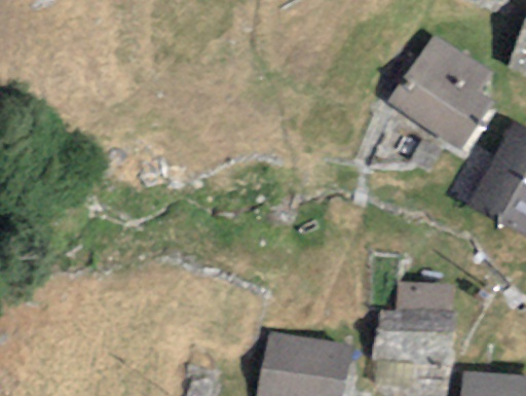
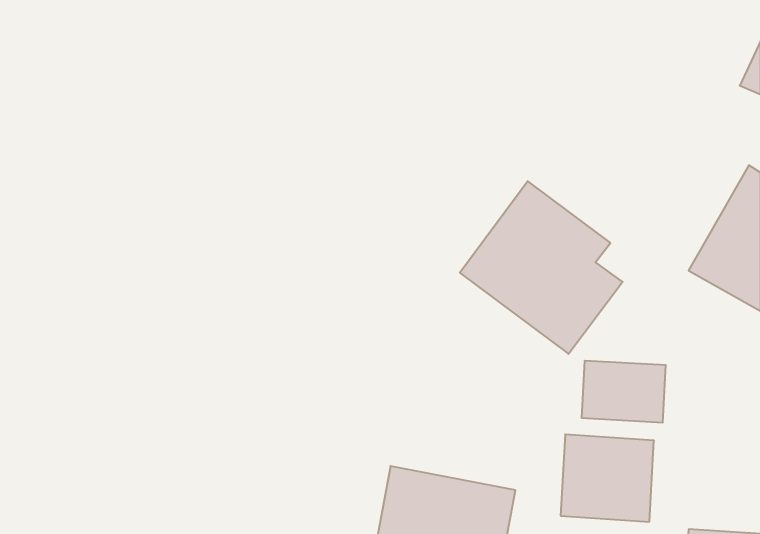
building: [389,40,500,158] -> [460,181,623,354]

